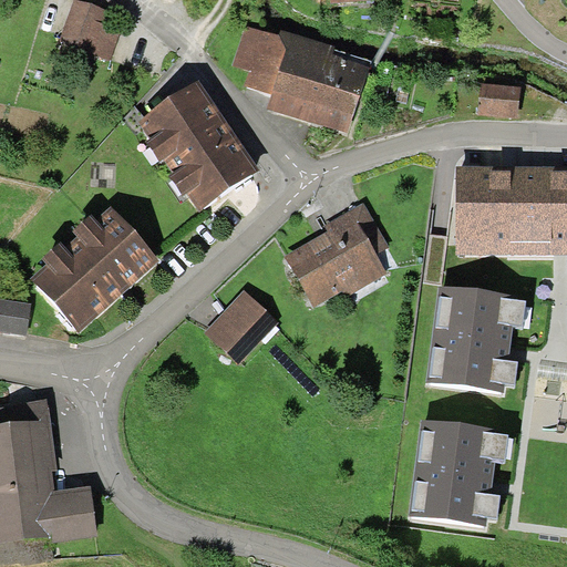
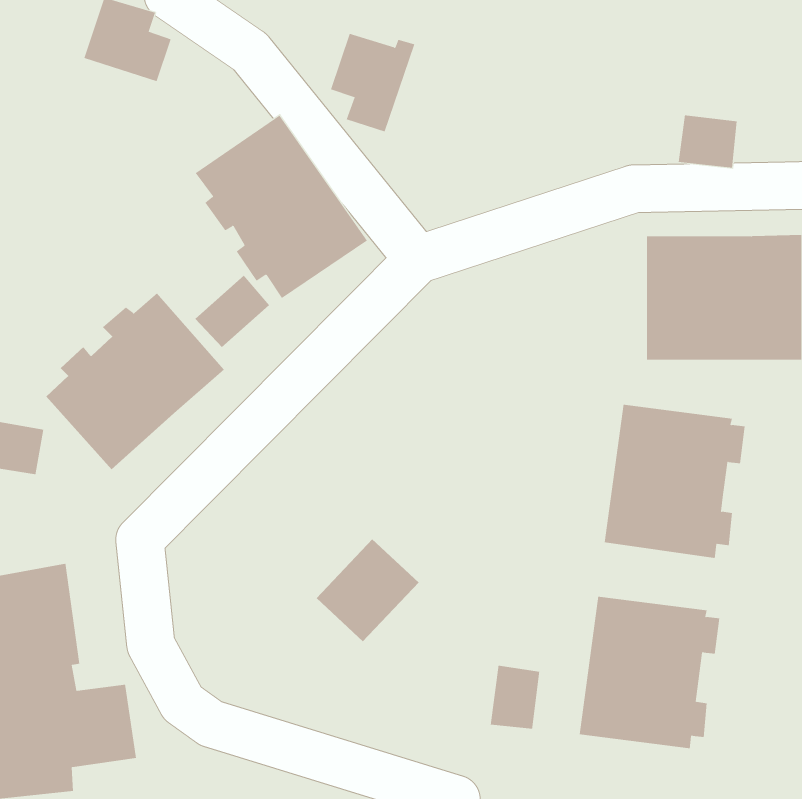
building: [267,31,369,132] -> none
building: none -> [195,275,270,348]
building: [284,200,388,306] -> none
building: [204,289,277,362] -> [316,538,419,642]
building: none -> [490,665,540,730]

